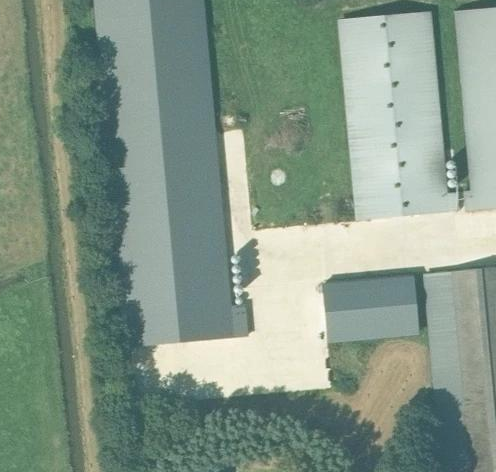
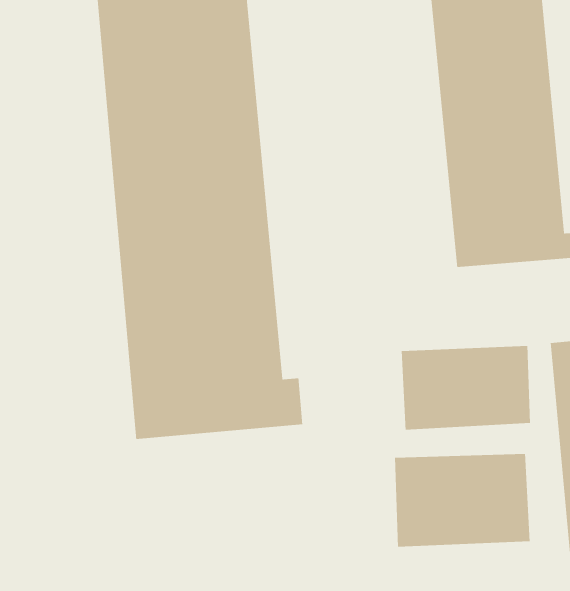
building: none -> [394,453,530,547]

